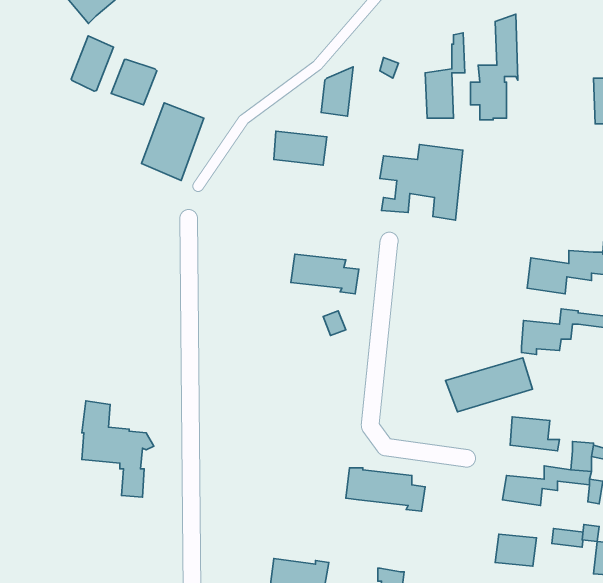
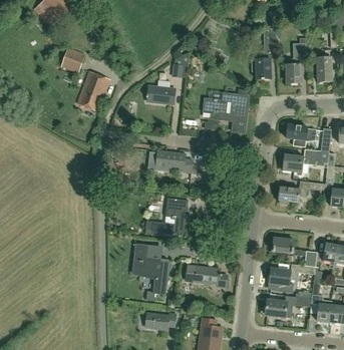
building: [425,33,465,118] -> [286,37,307,82]
building: [71,36,113,91] -> none
building: none -> [286,124,316,146]
building: none -> [144,197,189,235]
building: [446,358,533,412] -> none
building: [82,401,154,497] -> [133,242,171,293]

